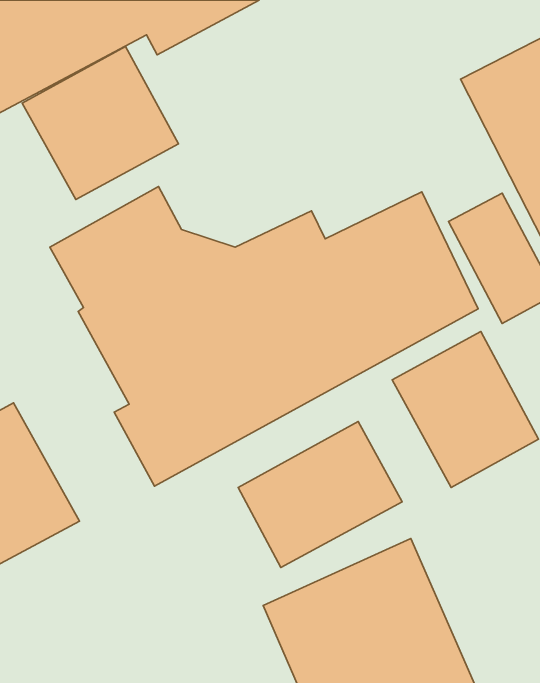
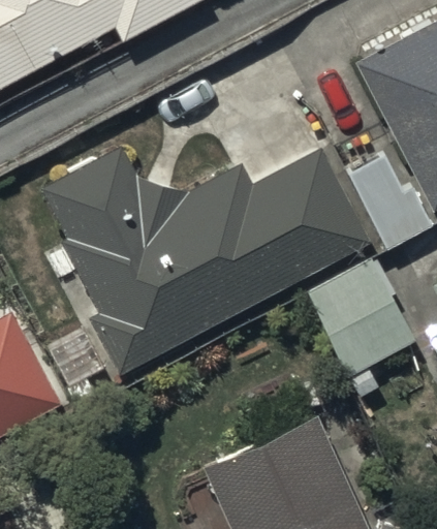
building: [22,47,178,200] -> none
building: [238,421,402,567] -> none

